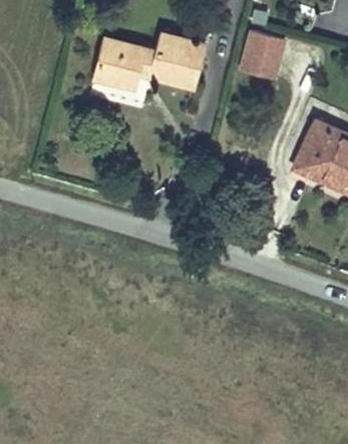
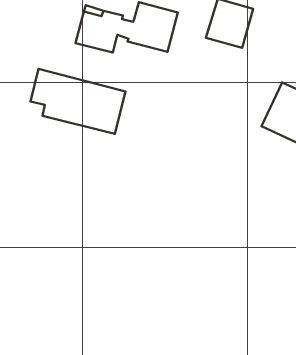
building: none -> [30,69,125,134]

